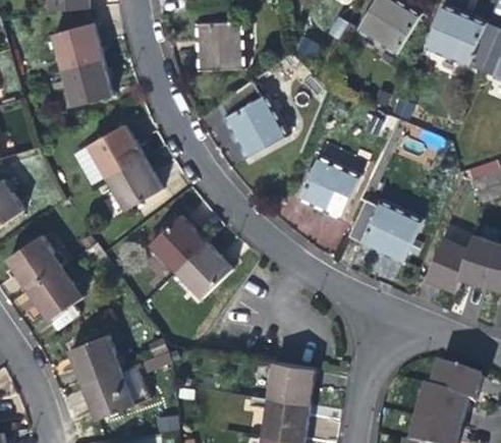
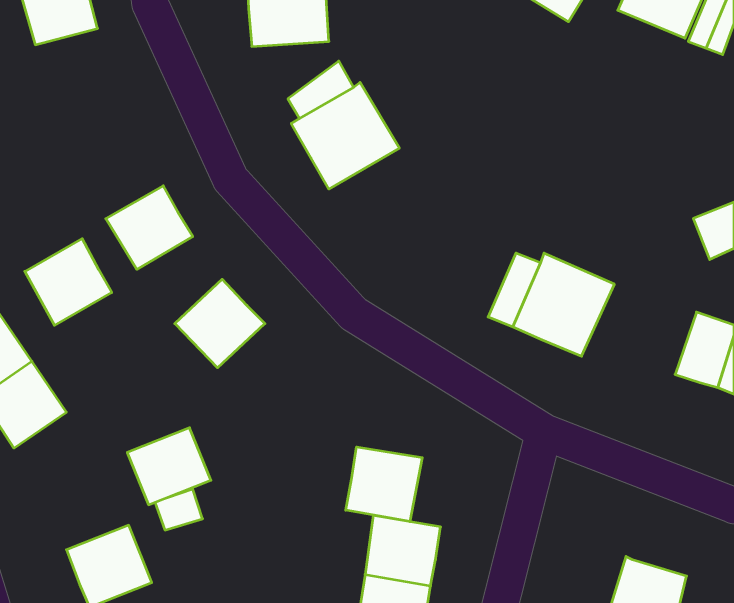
building: [63,59,112,105] -> none
building: [89,123,143,177] -> [25,239,112,325]
building: [296,155,360,219] -> none
building: [428,240,468,287] -> none
building: [176,242,231,297] -> none
building: none -> [346,447,422,522]
building: [69,335,121,383] -> [127,428,211,505]
building: [434,364,479,400] -> none

